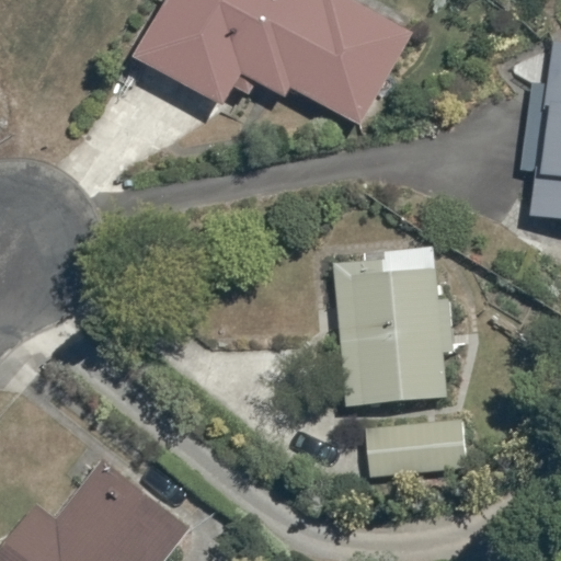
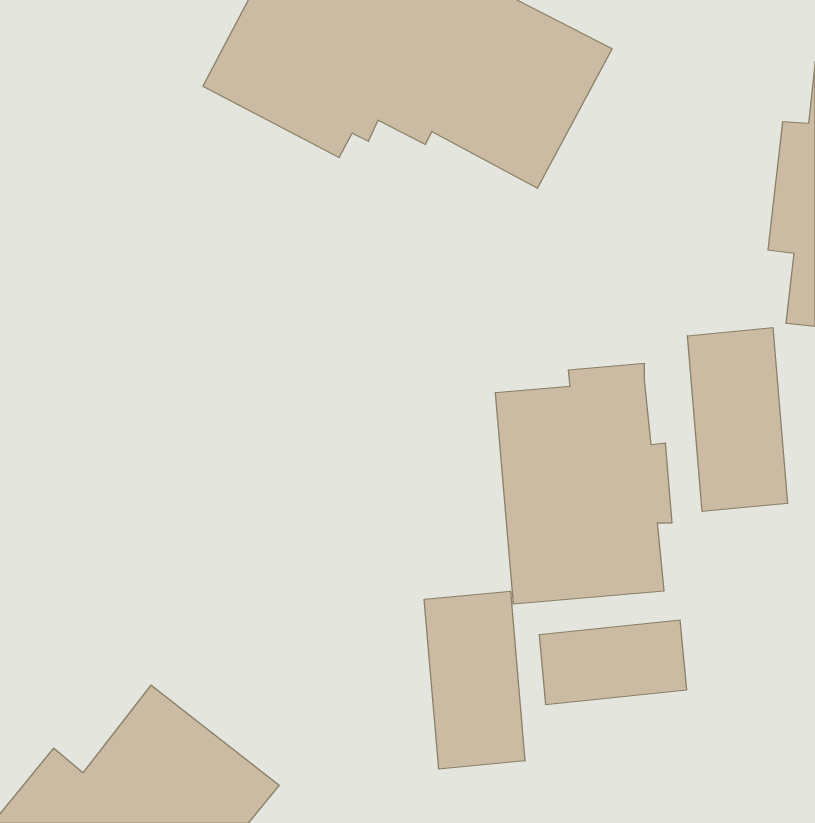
building: none -> [687,328,788,512]
building: none -> [424,591,525,769]

